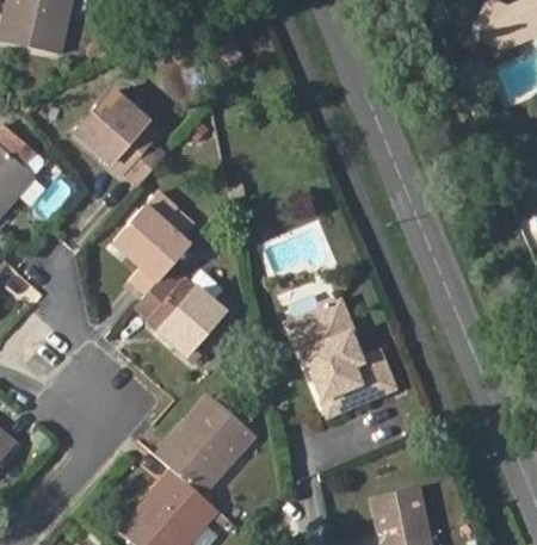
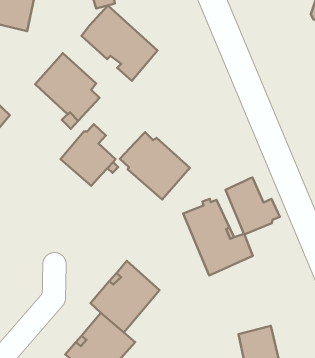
building: none -> [81,5,157,81]
building: [132,266,235,365] -> [120,132,190,200]
building: none -> [226,177,280,235]

